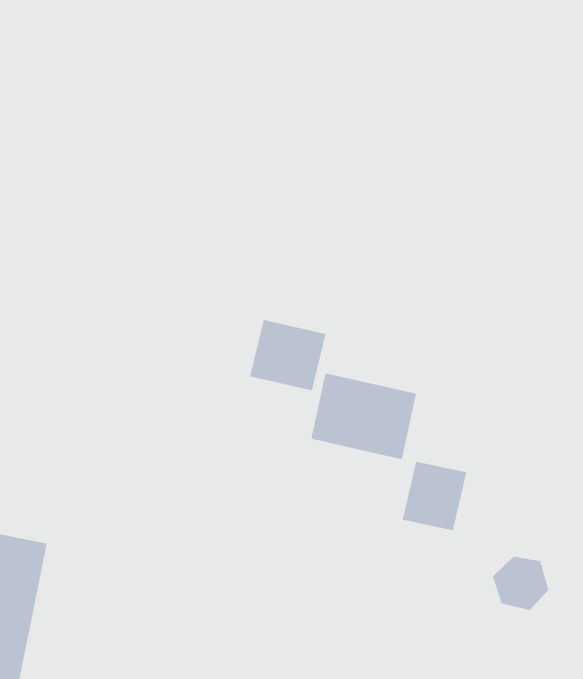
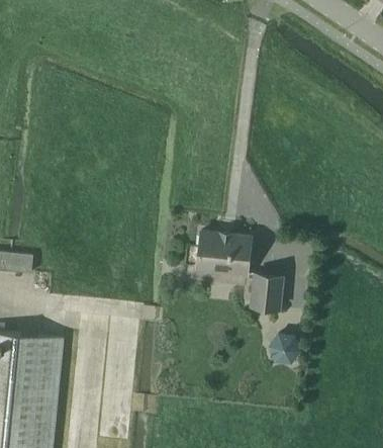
building: [249,319,326,391] -> none
building: [492,556,549,610] -> [268,333,299,361]

